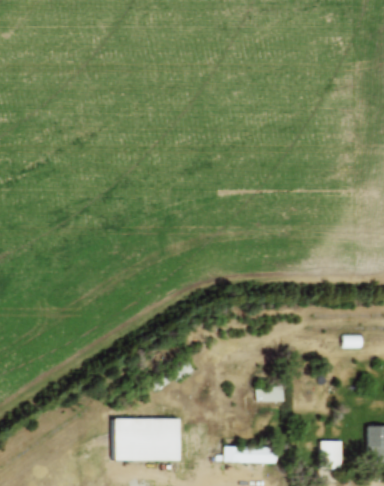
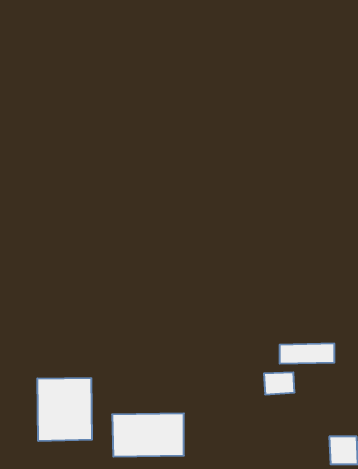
building: none -> [37,378,92,441]
building: [224,443,276,462] -> [280,344,334,364]

